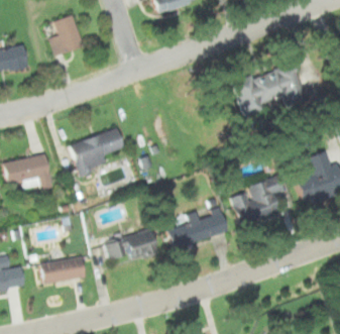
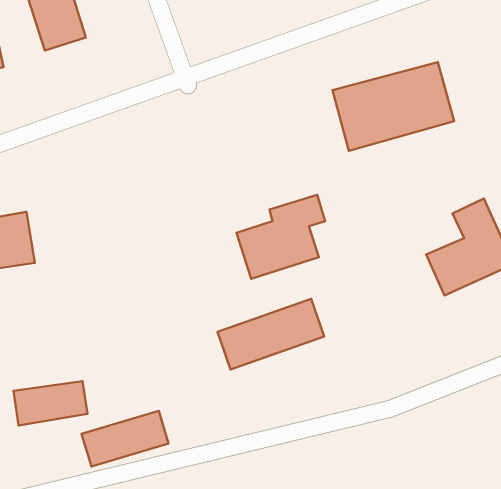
building: [71,128,124,173] -> none
building: [230,175,285,226] -> [236,195,325,279]
building: [106,228,159,262] -> [82,411,169,467]

